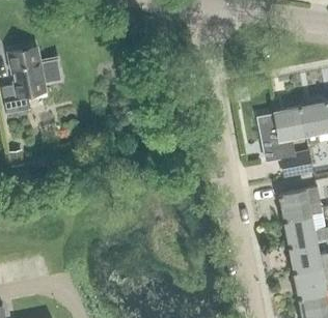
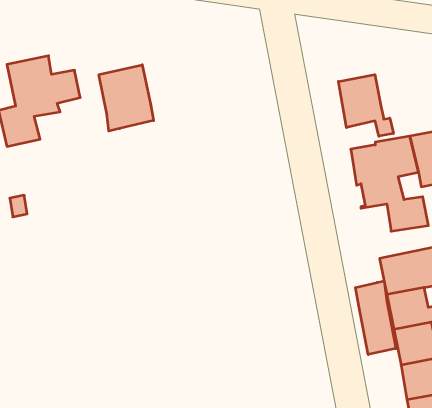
building: none -> [99,65,154,131]
building: none -> [338,75,393,136]
building: none -> [355,281,396,355]

